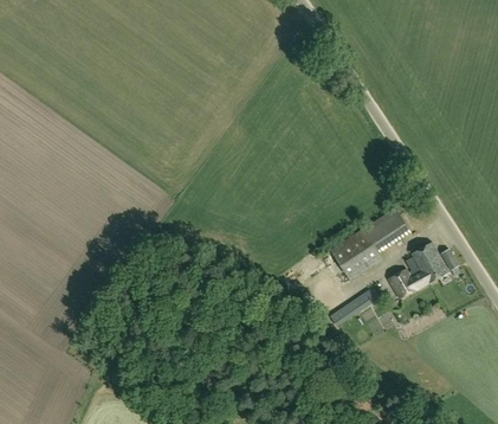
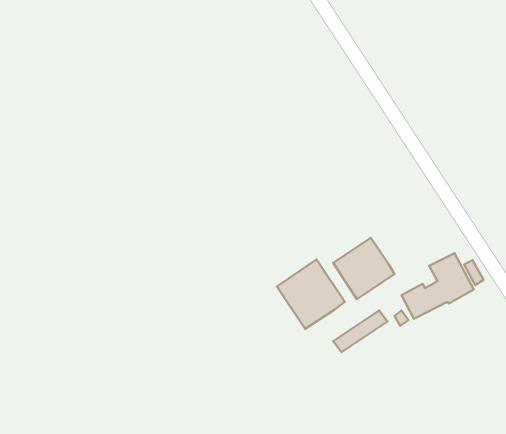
building: [361,206,409,251] -> none
building: none -> [277,259,345,329]

